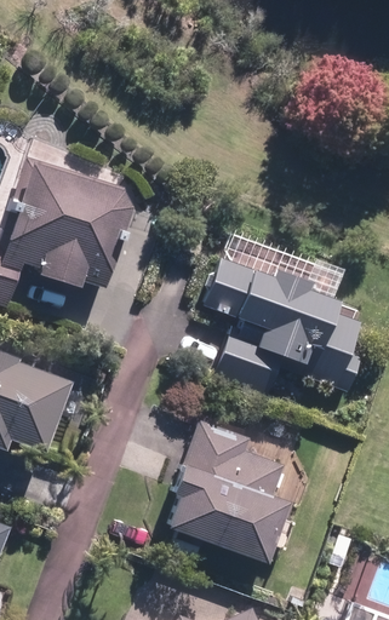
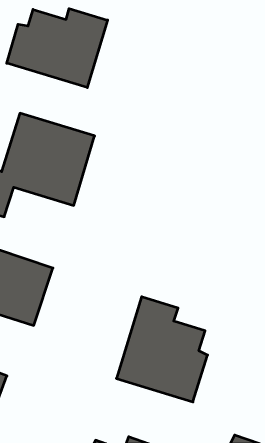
building: none -> [7,9,108,88]
building: [200,253,366,397] -> none

